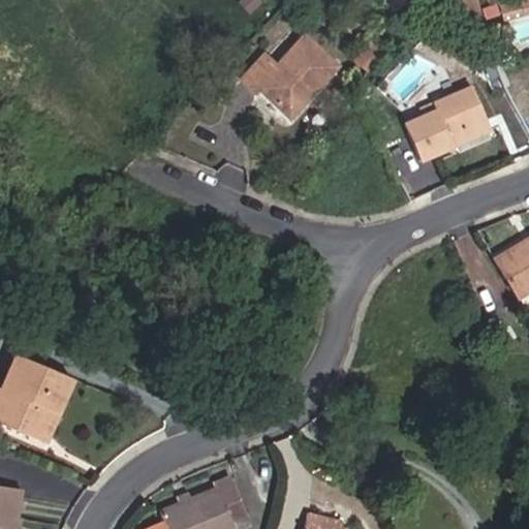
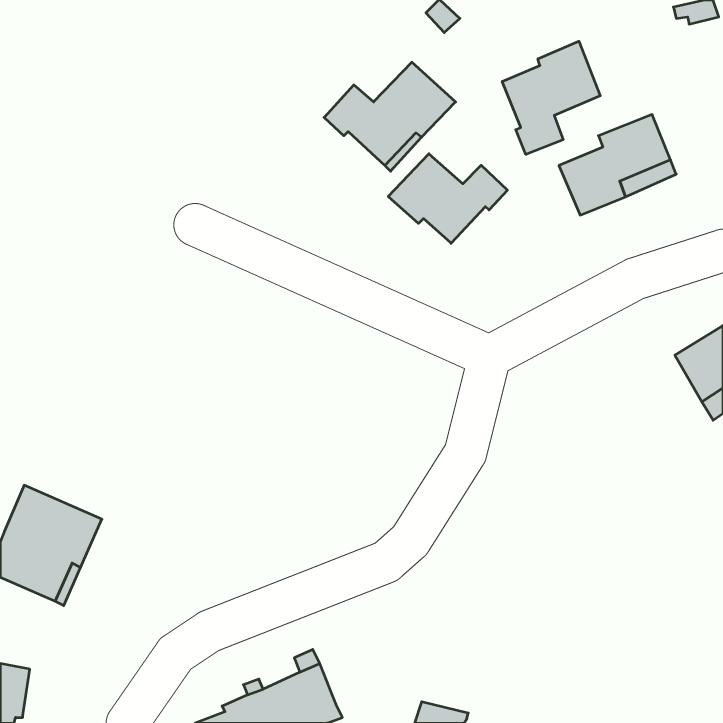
building: none -> [502,41,600,154]
building: none -> [388,154,507,243]

